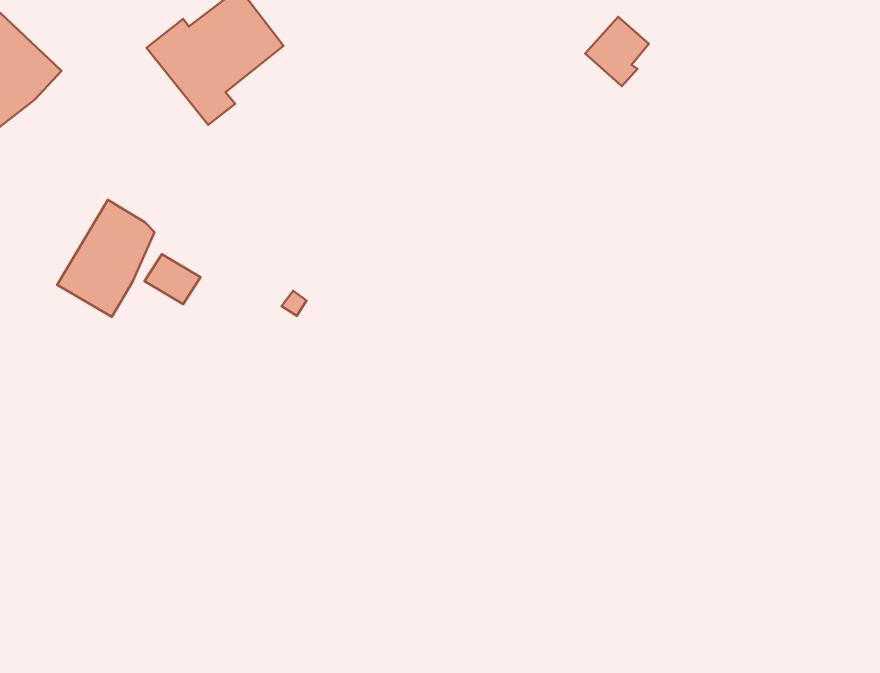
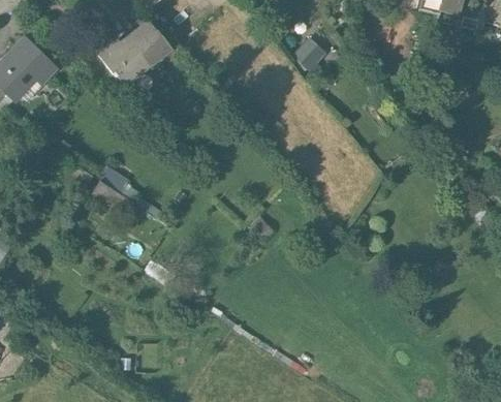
building: [585,17,649,86] -> [292,36,326,73]
building: [57,200,154,317] -> none

